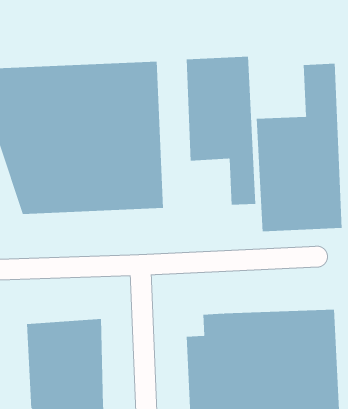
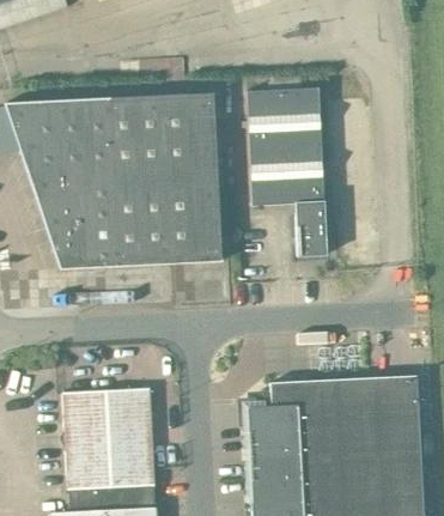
building: [256,63,342,232] -> none

